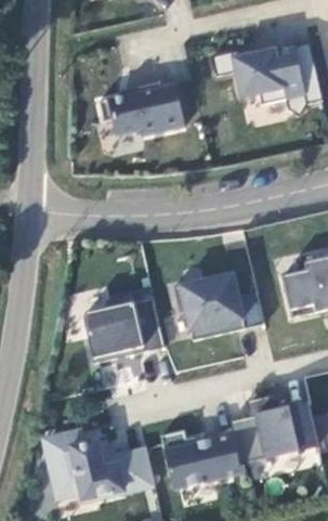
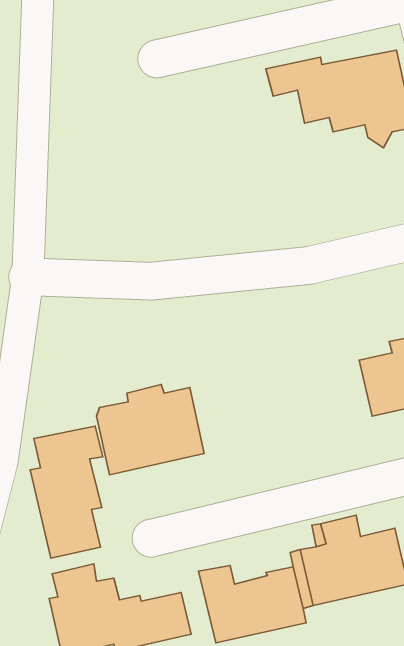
building: [97,82,183,135] -> none
building: [172,273,263,340] -> none
building: none -> [30,426,103,558]

